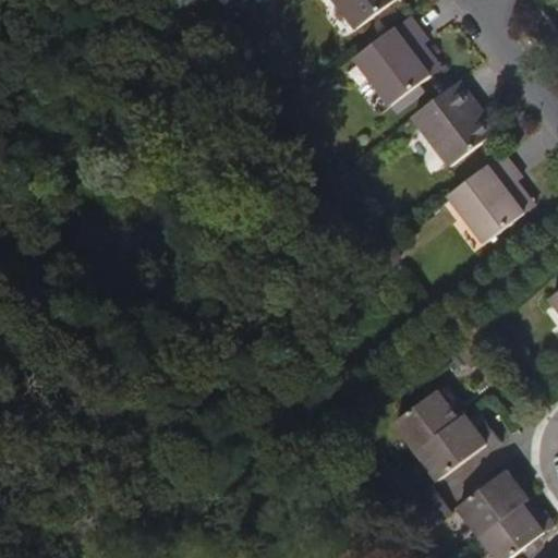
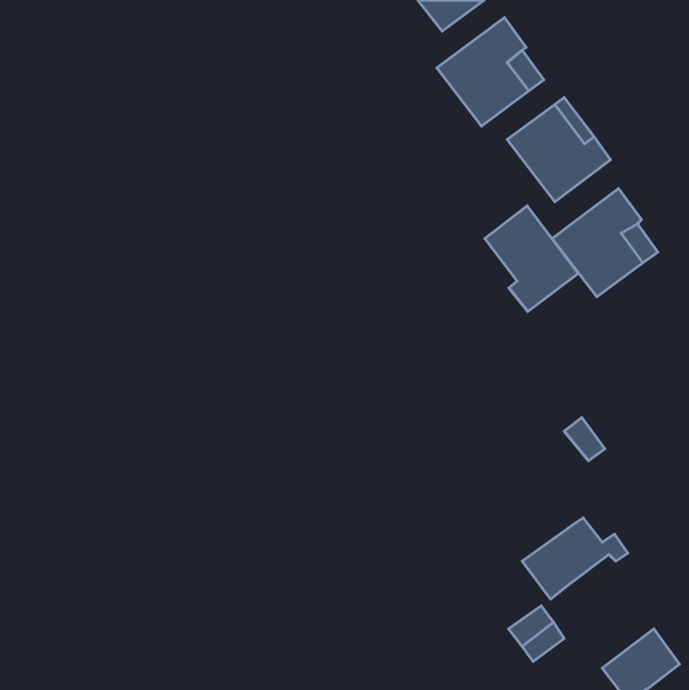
building: none -> [485,206,578,312]
building: [398,396,462,453] -> none
building: [461,475,531,539] -> none

